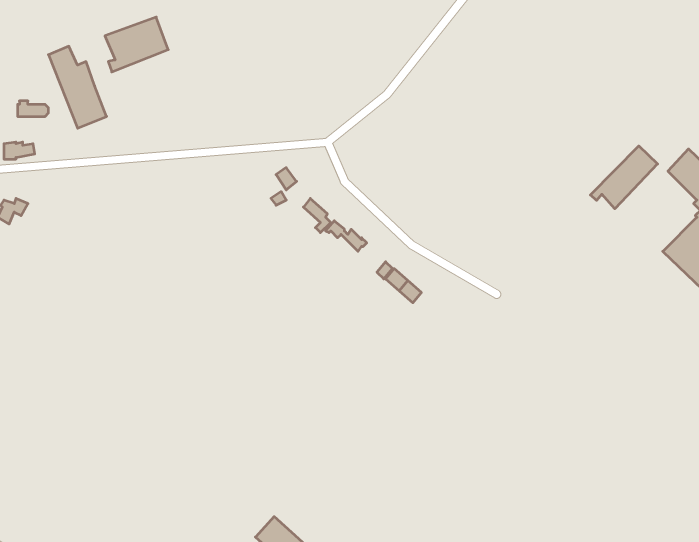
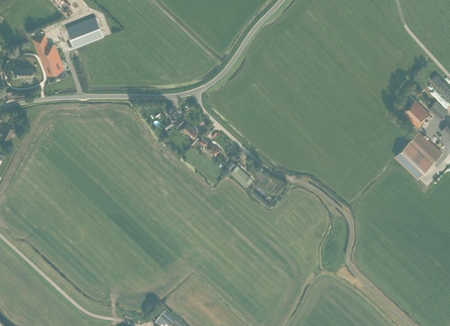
building: [590,146,658,209] -> none

